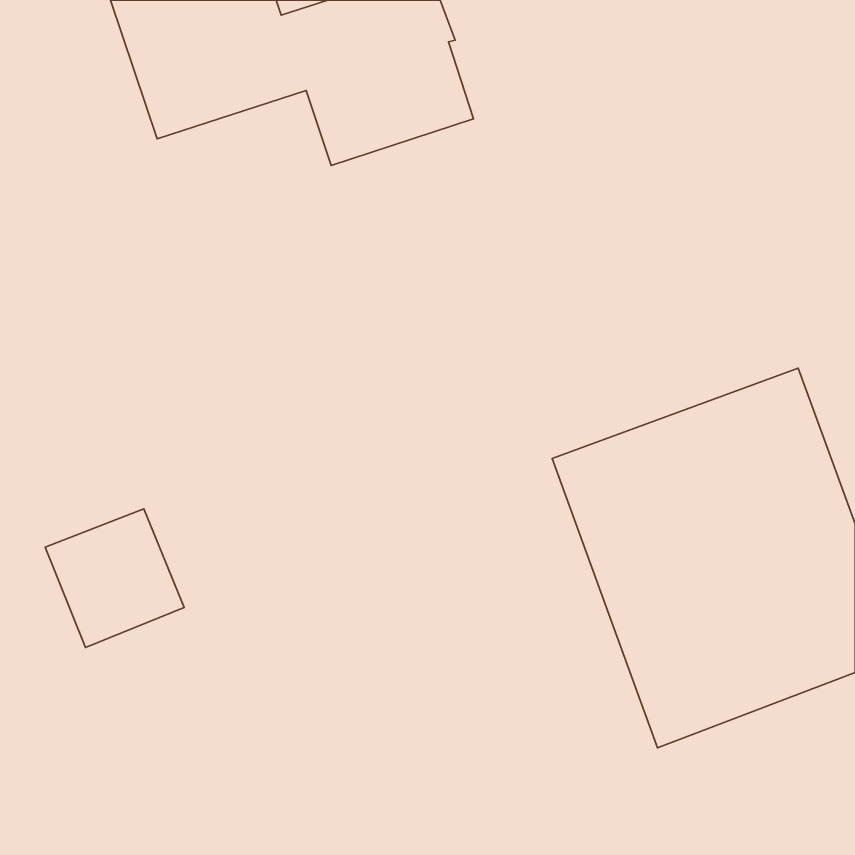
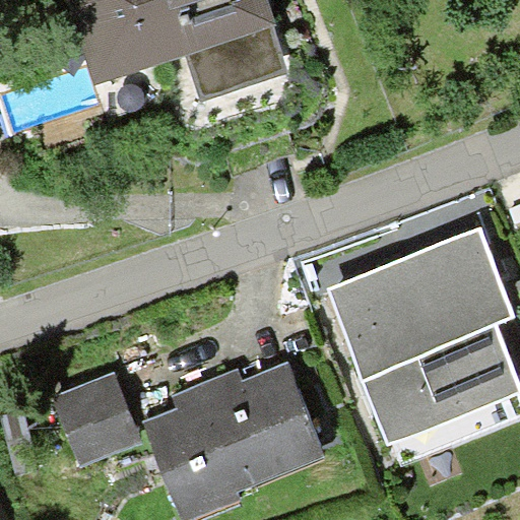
building: [45,509,184,648] -> [51,377,135,461]
building: none -> [141,366,317,505]

